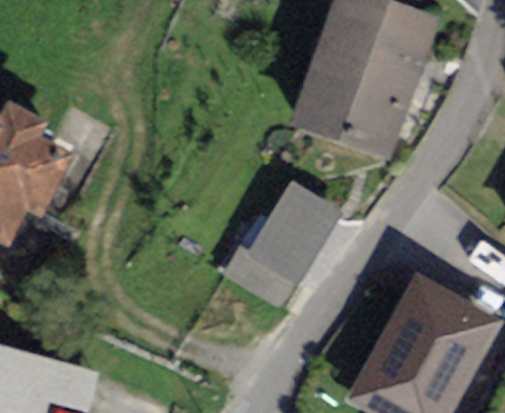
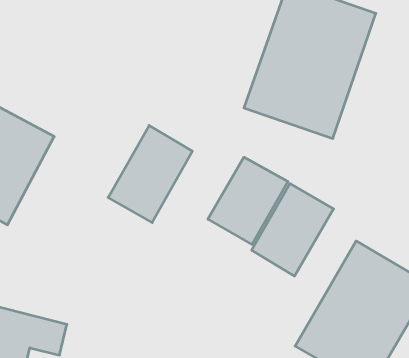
building: none -> [108,125,192,223]
building: none -> [252,184,334,276]

